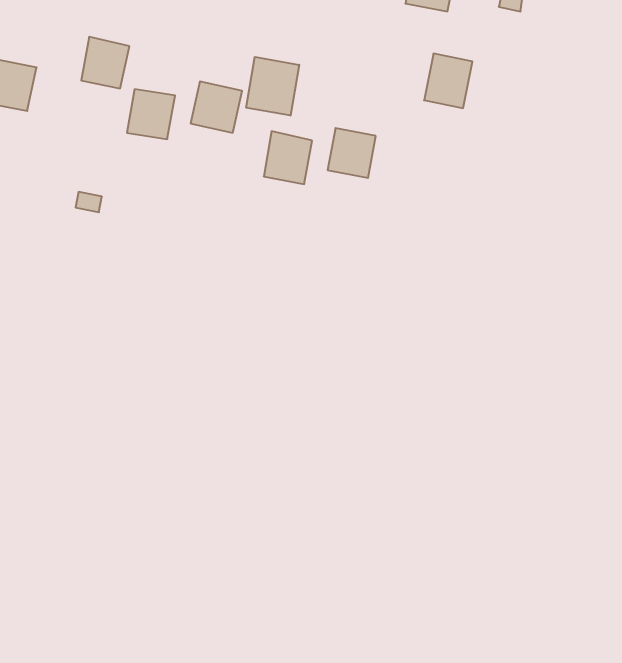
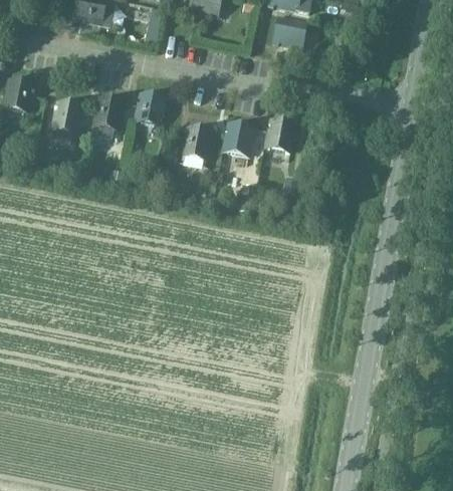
building: [81,37,129,88] -> [54,97,85,131]
building: [424,54,472,108] -> [266,115,297,151]
building: [246,57,299,116] -> none

